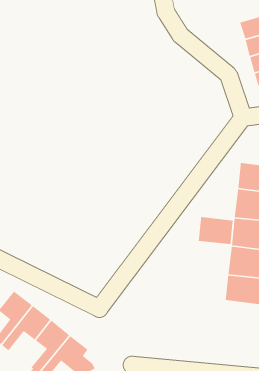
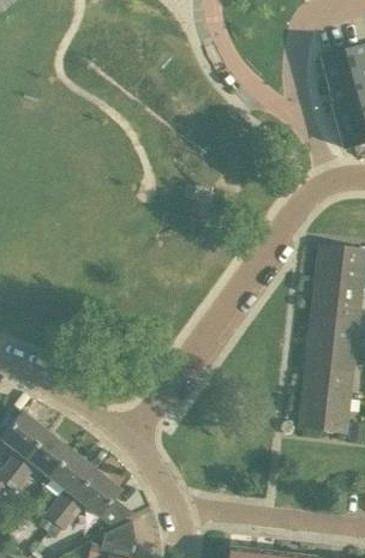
building: [198,216,234,245] -> none

